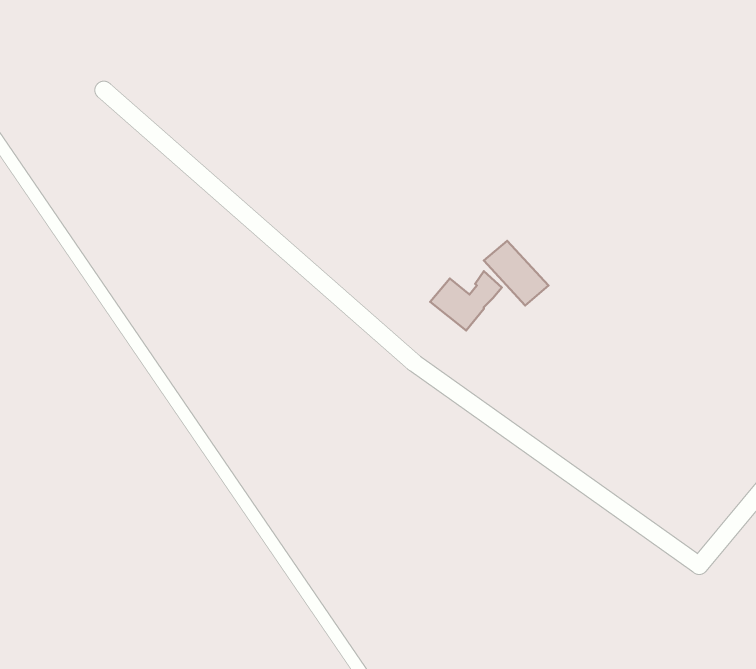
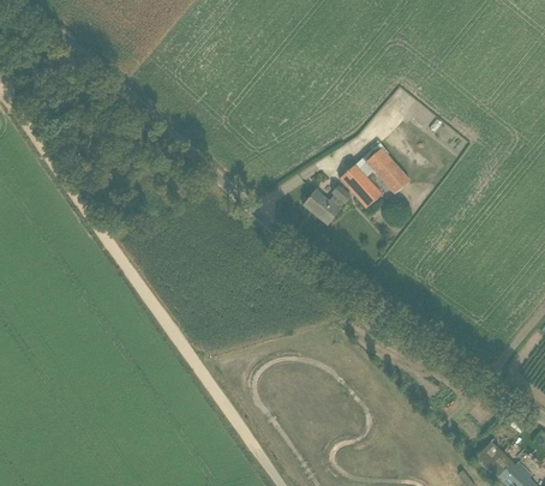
building: none -> [361,143,409,192]

